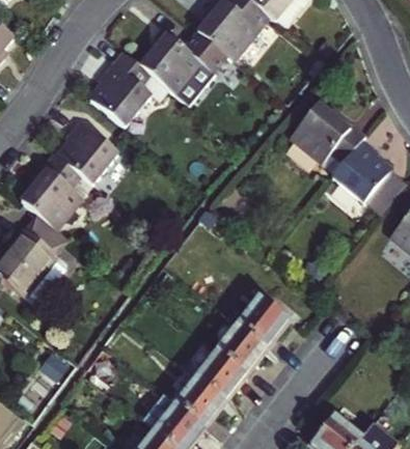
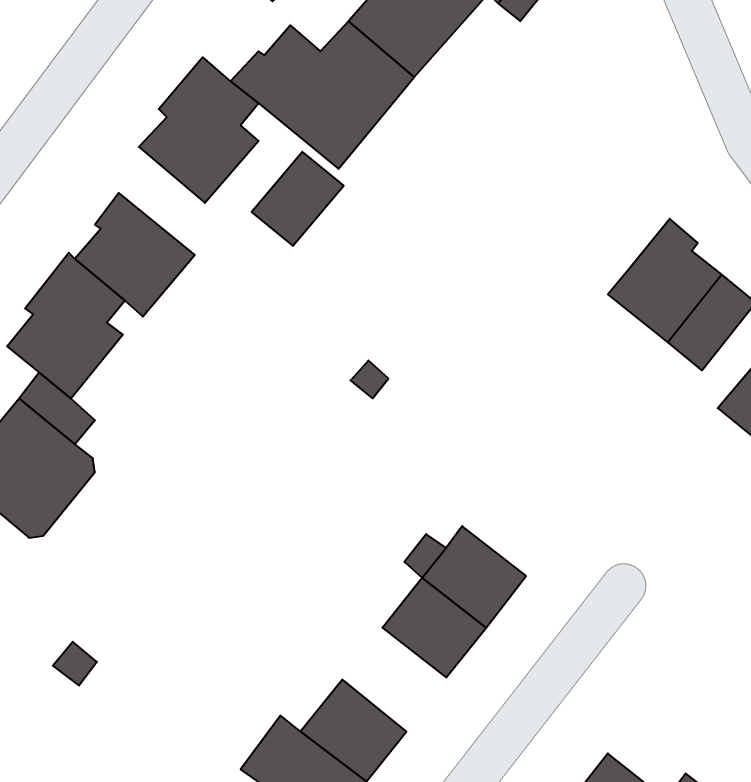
building: [291,100,366,163] -> none
building: none -> [252,152,344,246]
building: [194,348,248,402] -> none

